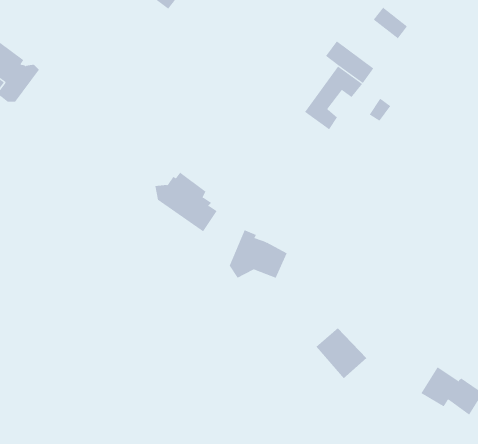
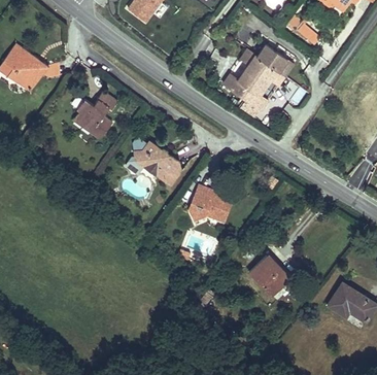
building: none -> [224,48,268,97]
building: none -> [75,92,116,140]

